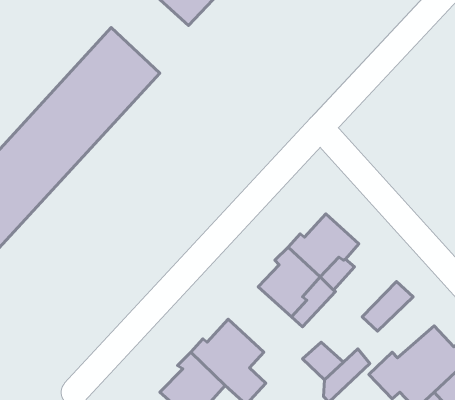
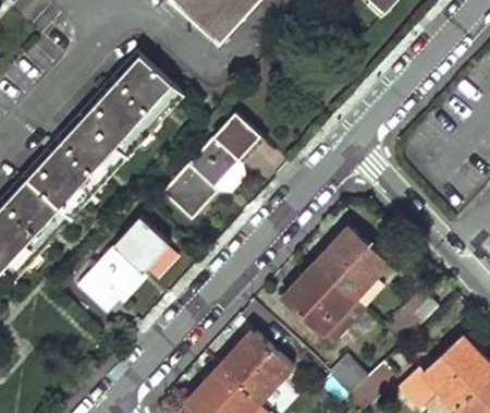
building: none -> [161,127,254,221]
building: none -> [75,217,169,315]

